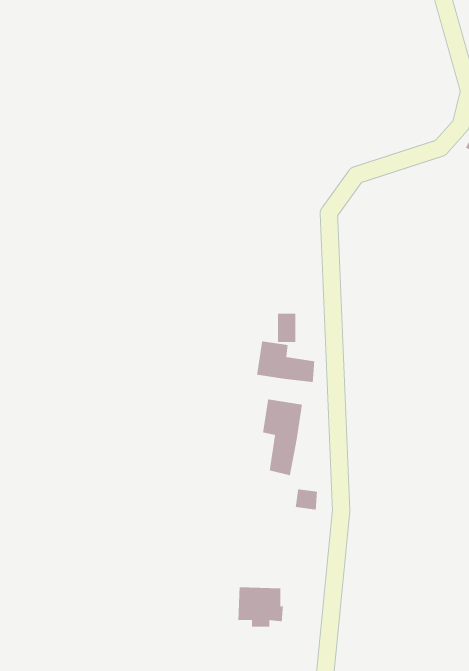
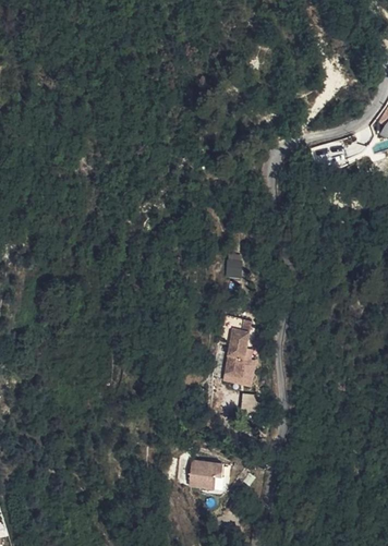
building: [256,340,315,383] -> none
building: none -> [220,354,253,390]

